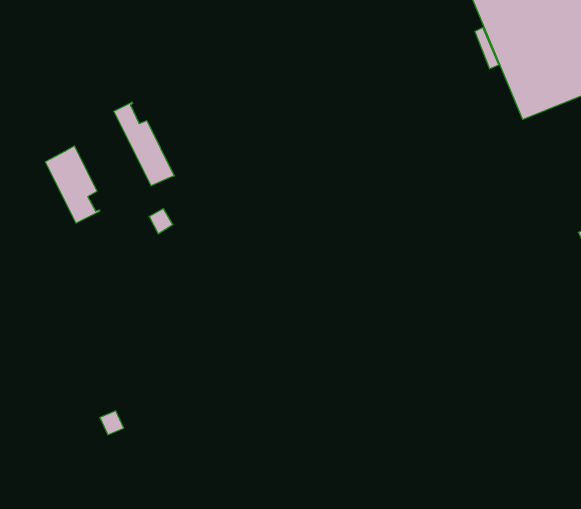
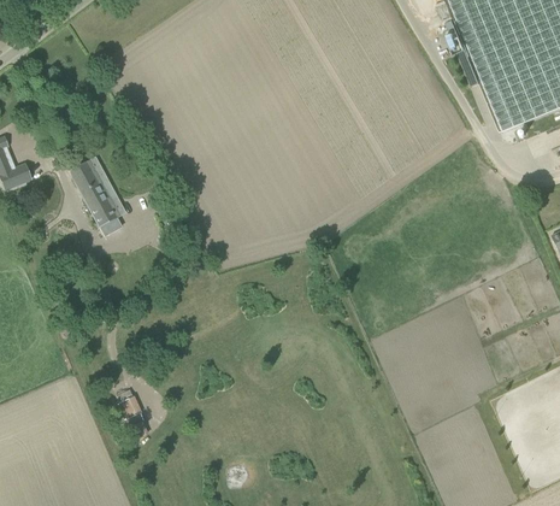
building: [114,102,174,186] -> none

